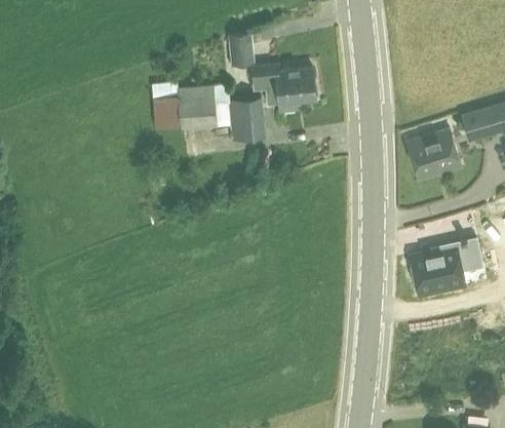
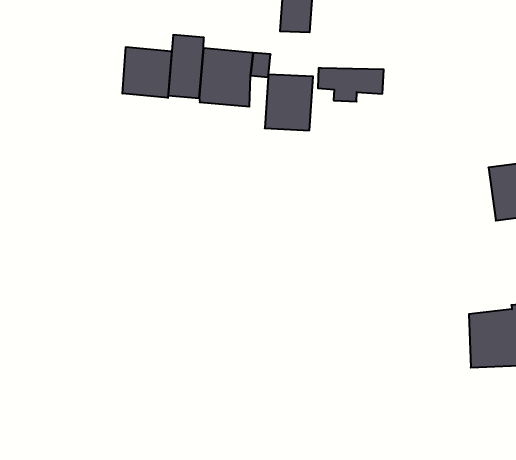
building: [250,64,314,90] -> none
building: none -> [122,47,172,98]

